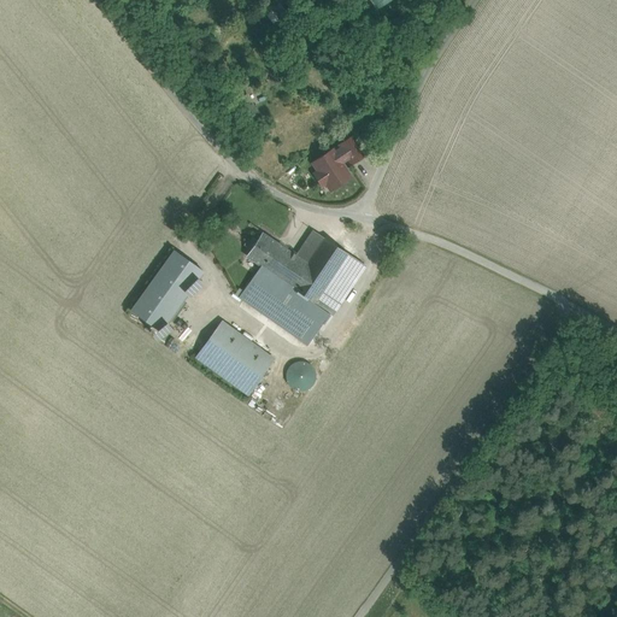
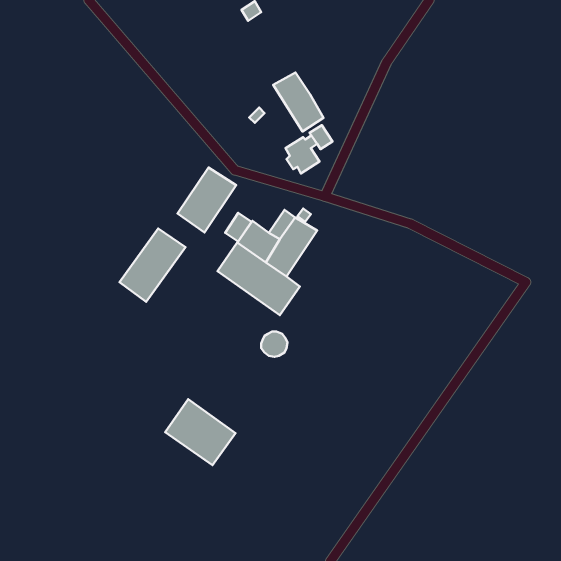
building: none -> [273,72,324,131]
building: none -> [178,167,236,232]
building: [315,253,364,315] -> none
building: [196,322,274,394] -> [165,399,236,465]

